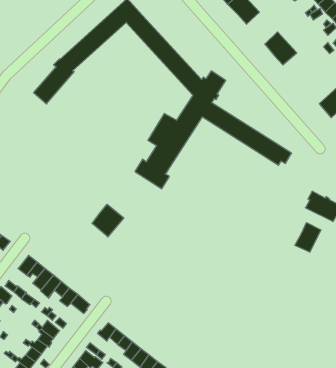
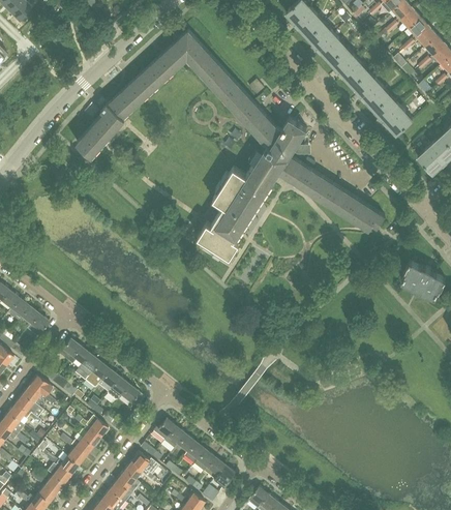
building: none -> [331,48,368,86]
building: none -> [374,96,413,134]
building: [92,204,124,237] -> none
building: [295,223,321,252] -> none

